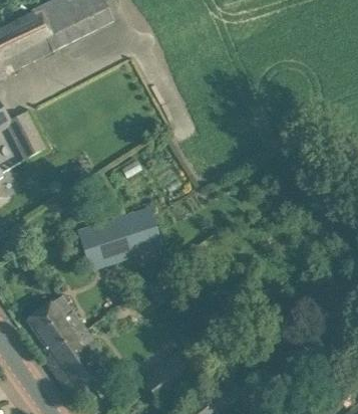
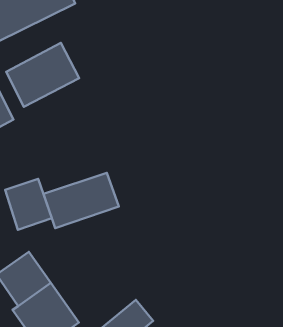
building: none -> [6,43,79,107]
building: none -> [5,179,52,230]

